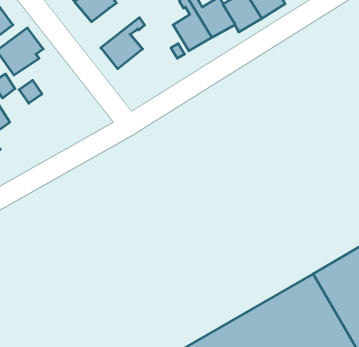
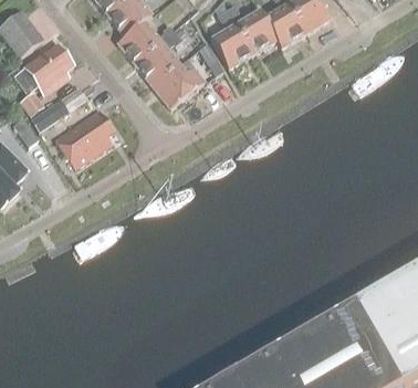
building: none -> [117,21,176,63]
building: none -> [153,64,205,107]
building: none -> [54,107,115,167]

